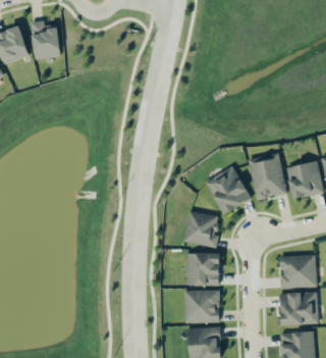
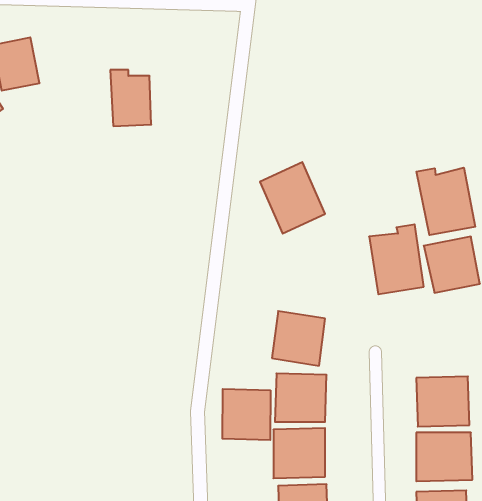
building: [32,21,59,59] -> [110,70,151,126]
building: none -> [416,168,475,235]
building: [206,166,250,214] -> [260,162,325,234]
building: none -> [222,389,270,440]

